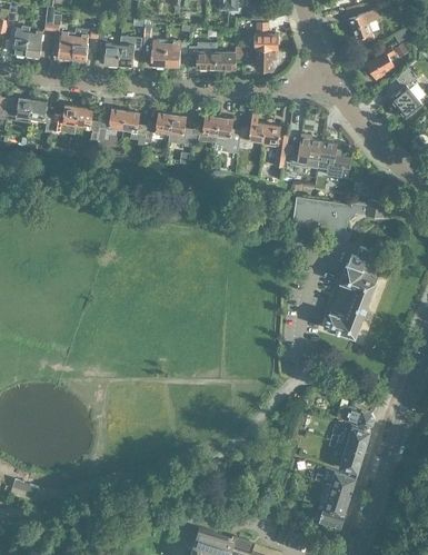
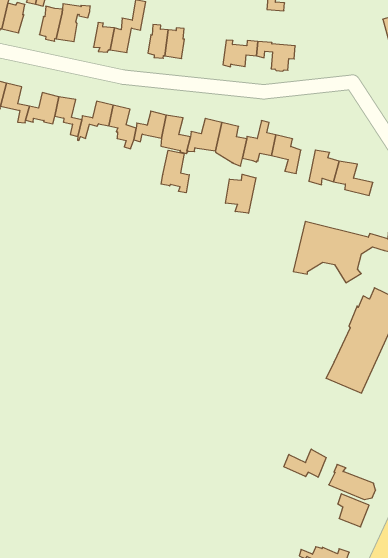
building: [255,22,278,48] -> none
building: [188,46,216,69] -> none
building: none -> [161,150,189,193]
building: none -> [226,174,256,213]
building: none -> [284,449,326,477]
building: [339,445,365,473] -> none

